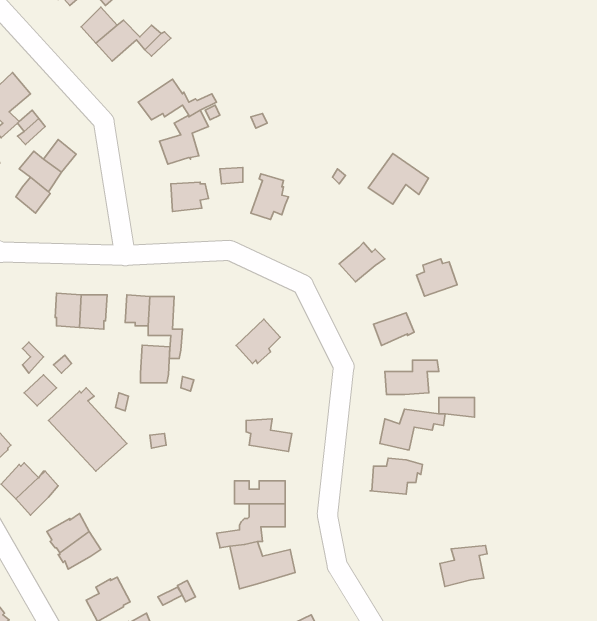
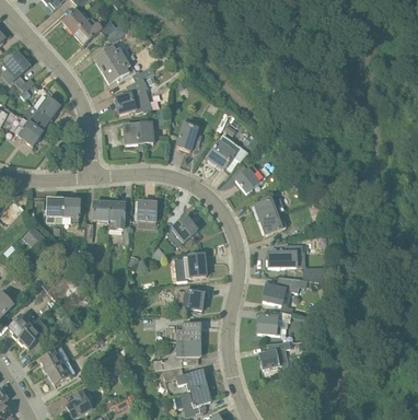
building: none -> [93,42,124,71]
building: [368,154,429,204] -> [207,135,247,168]
building: [416,259,457,296] -> [253,195,280,220]
building: [141,345,170,383] -> [137,202,156,228]
building: none -> [183,254,206,276]
building: [440,546,487,586] -> [258,341,290,369]
building: none -> [181,386,210,413]

